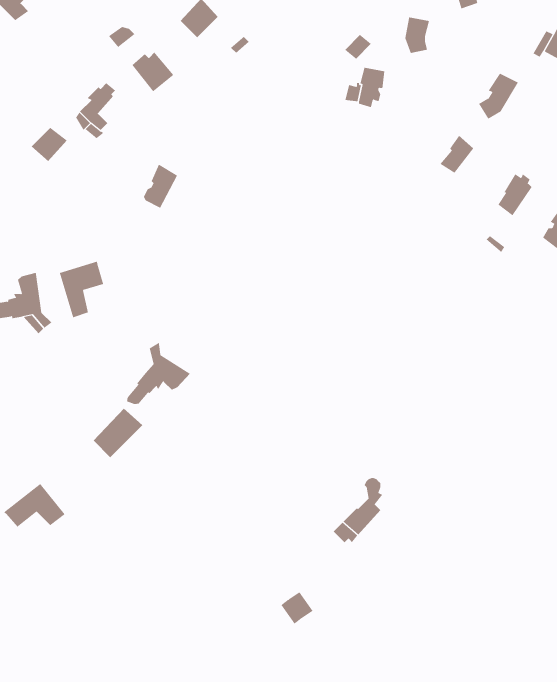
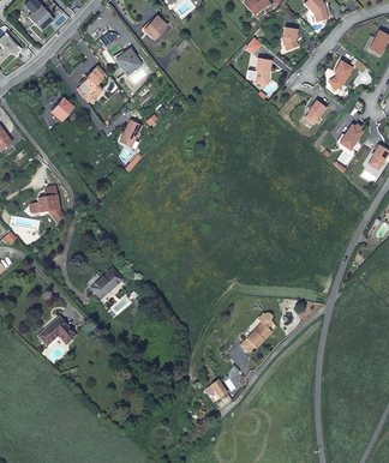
building: [59,261,104,318] -> none
building: [126,342,191,405] -> none

